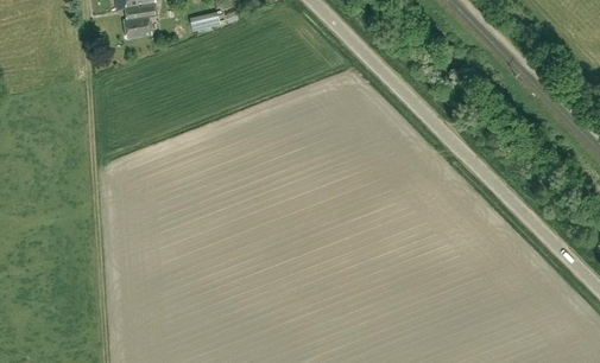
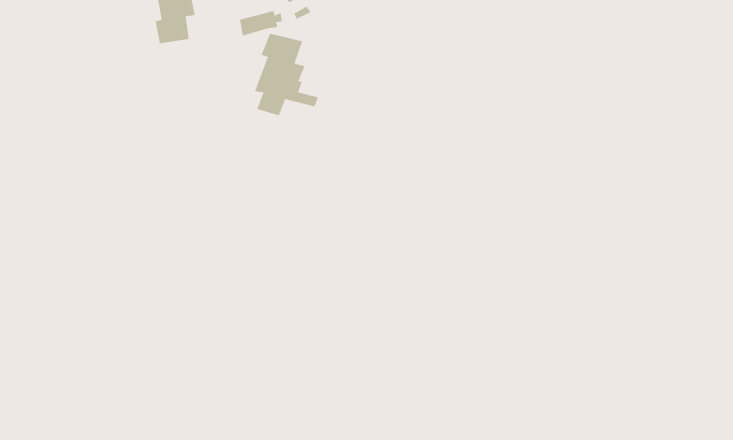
building: none -> [254,33,318,116]

